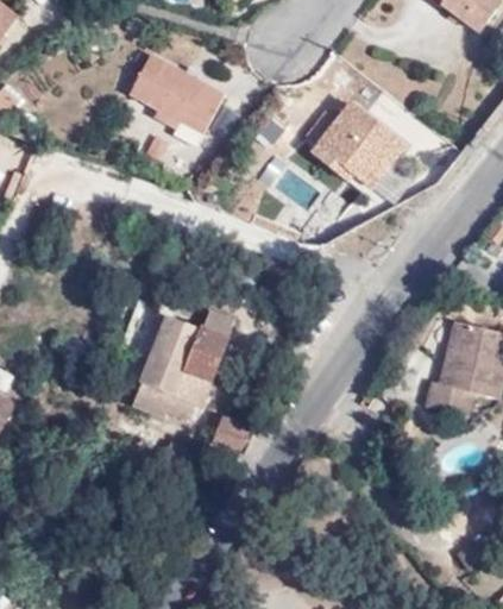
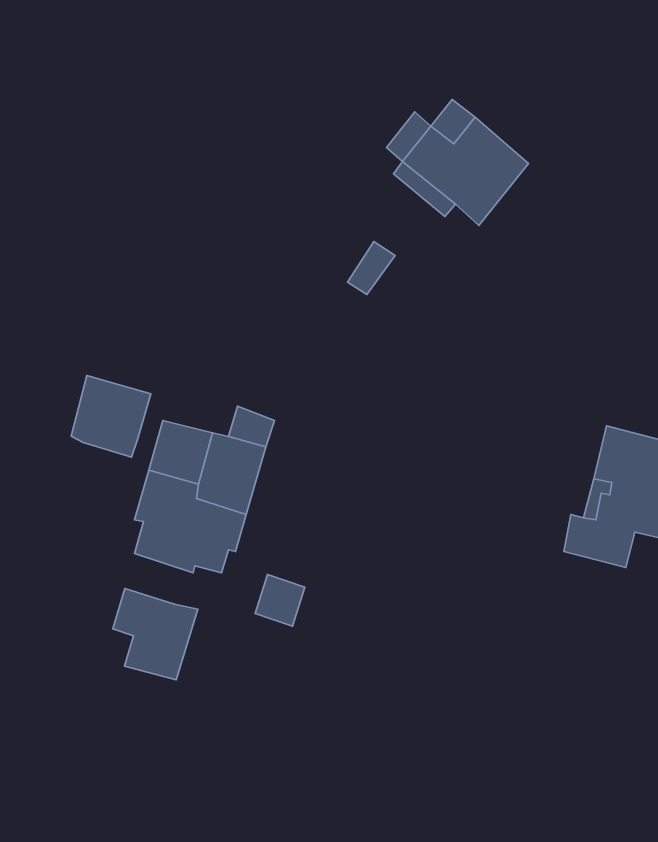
building: [128,56,224,134] -> none
building: none -> [71,376,151,457]
building: none -> [113,588,198,680]

